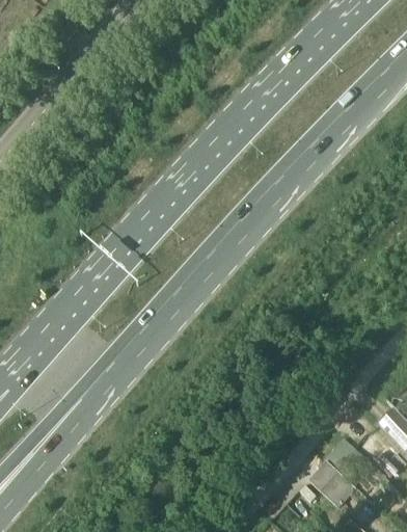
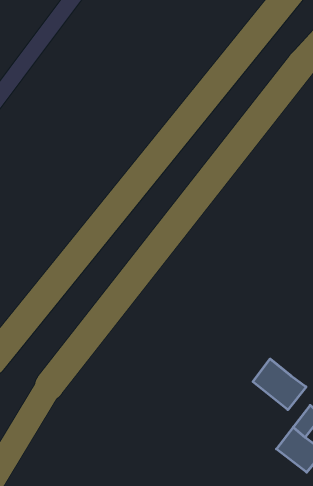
building: none -> [253,359,306,410]

